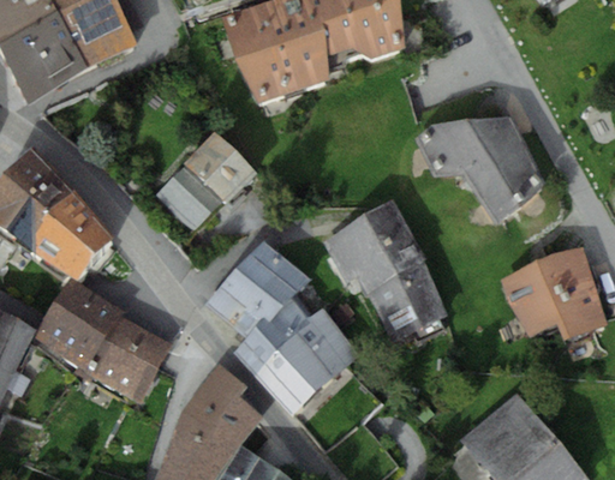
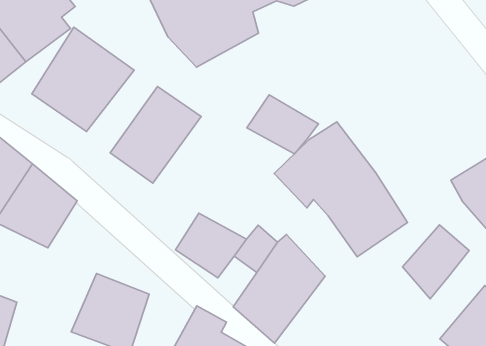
building: none -> [32,27,134,132]
building: [414,130,543,234] -> none
building: [235,239,310,304] -> [247,95,319,154]
building: [34,277,123,368] -> none
building: [235,319,285,371] -> none
building: none -> [402,225,469,299]

